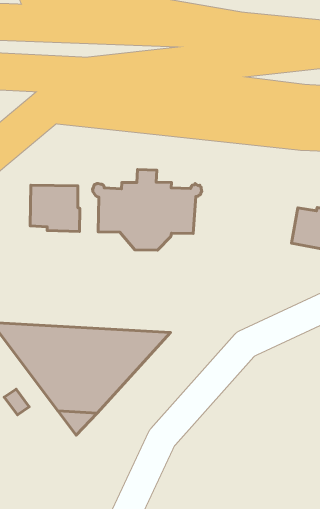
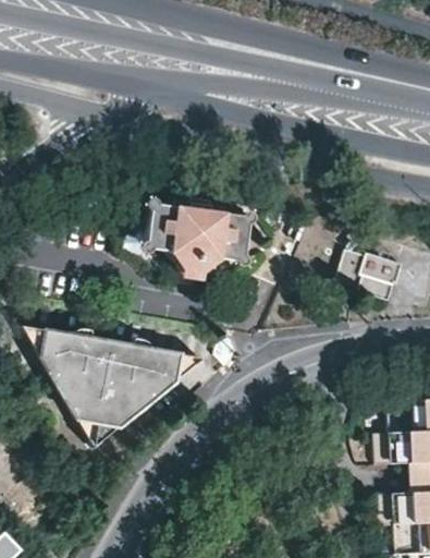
building: [30,185,80,232] -> none

